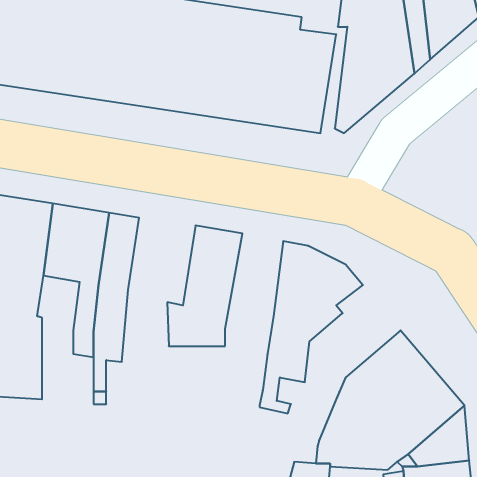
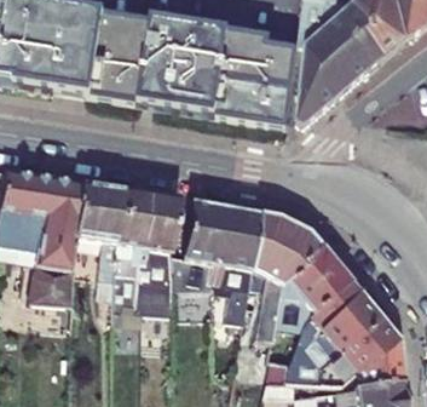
building: none -> [132,189,177,313]
building: none -> [213,201,258,334]
building: none -> [253,241,348,342]

